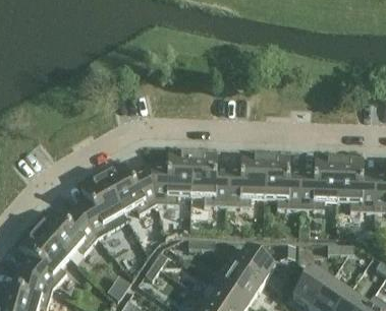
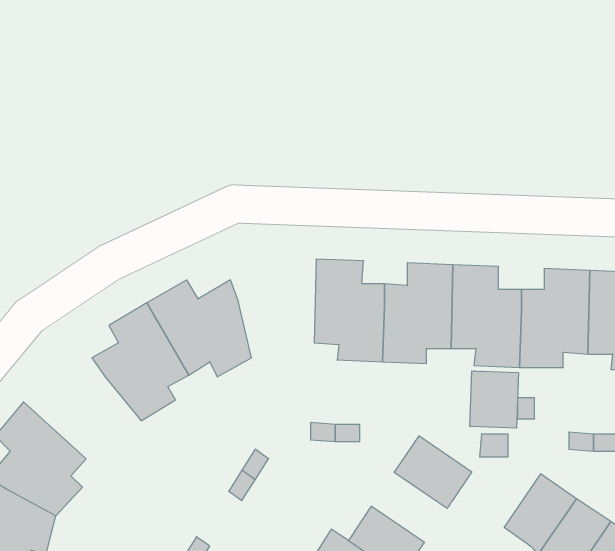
building: [146,149,191,203] -> none
building: [35,203,98,257] -> none
building: none -> [470,371,518,428]
building: [221,264,262,302] -> none

